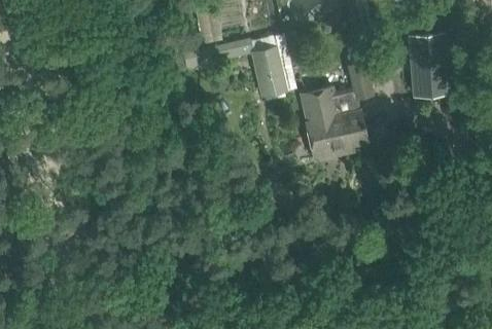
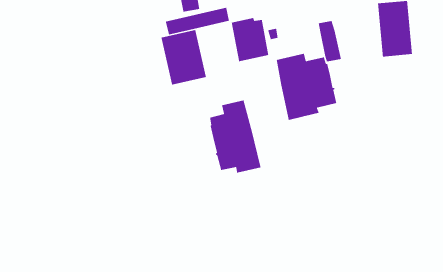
building: none -> [160,29,207,85]
building: none -> [209,99,261,173]

